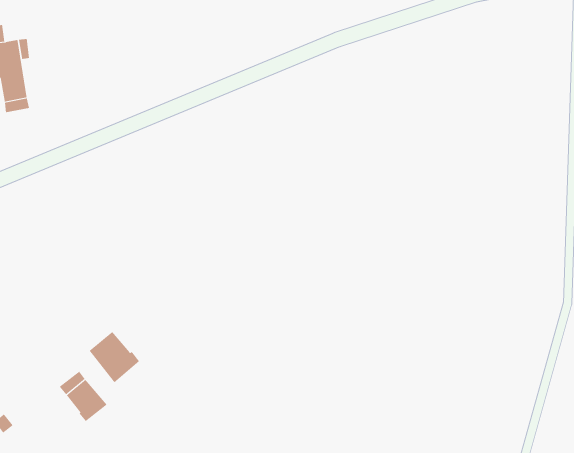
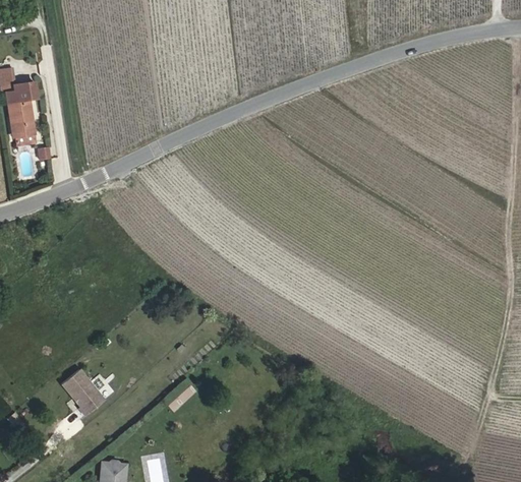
building: [89,331,140,383] -> none

